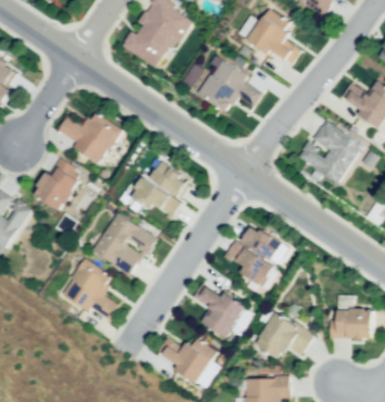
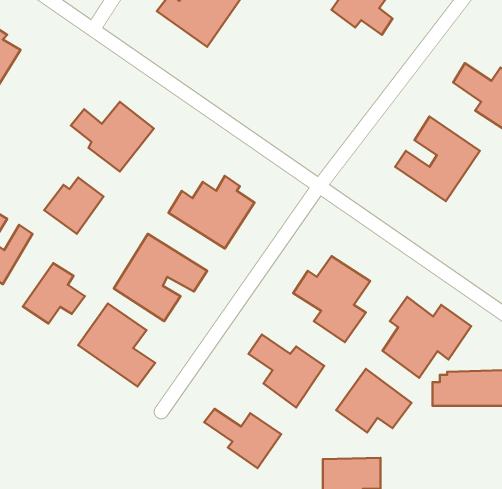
building: [181,53,263,113] -> none
building: none -> [23,263,85,324]
building: none -> [382,297,471,378]

